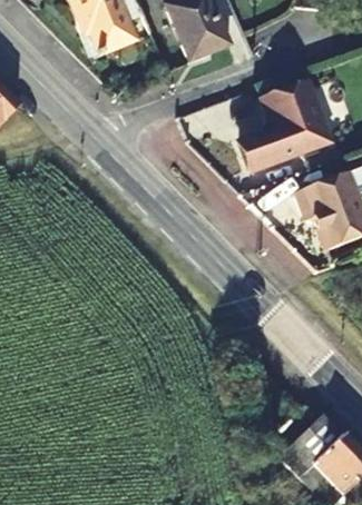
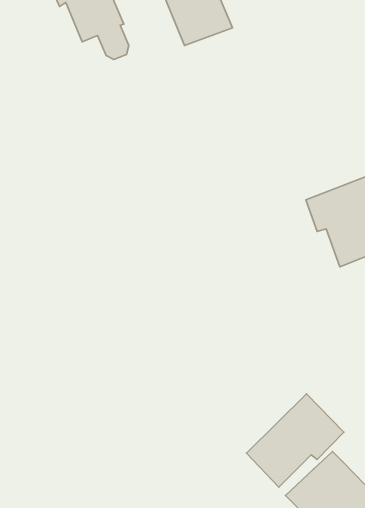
building: [239,79,330,171] -> none
building: none -> [246,394,344,487]

